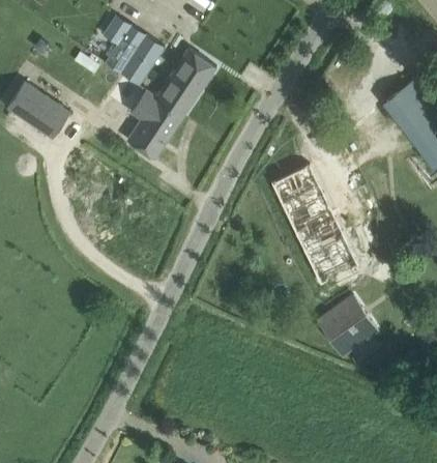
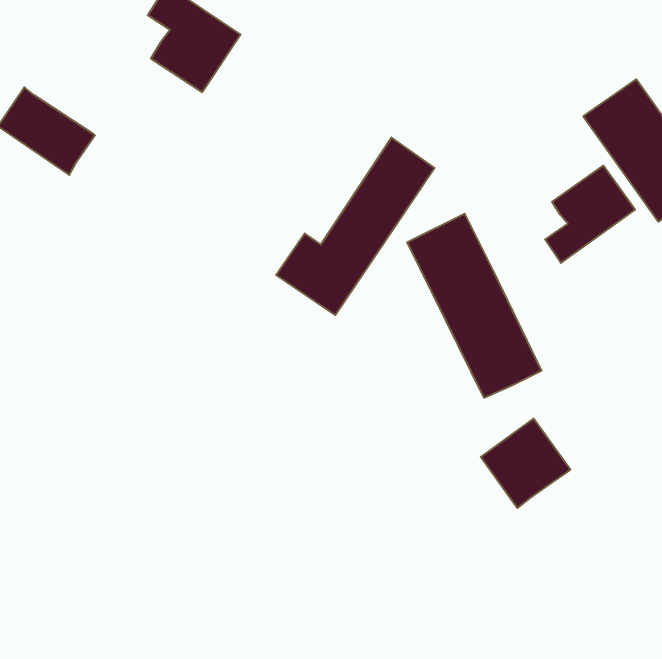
building: [115,46,217,161] -> [276,137,435,315]
building: none -> [545,166,635,263]

